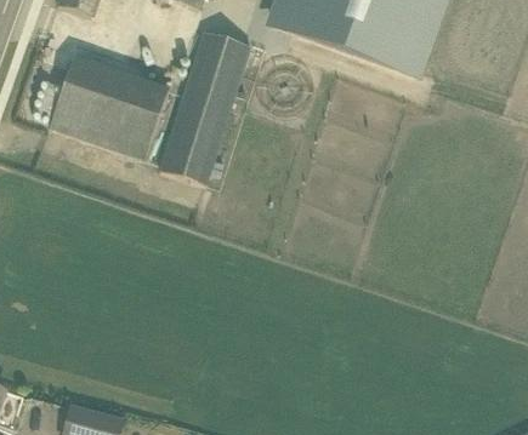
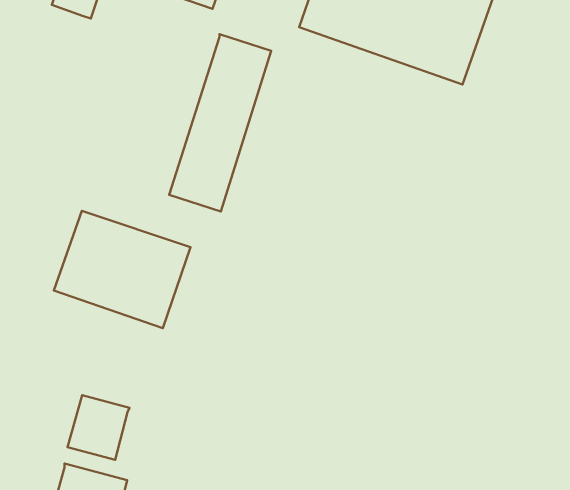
building: [50,57,169,159] -> [54,211,191,328]
building: none -> [68,395,130,460]

